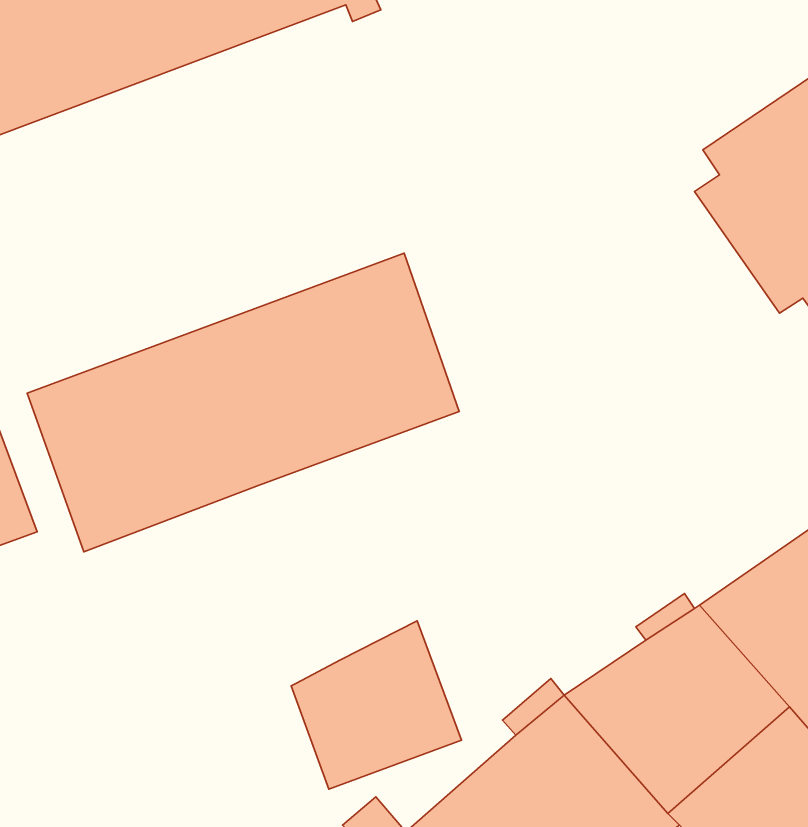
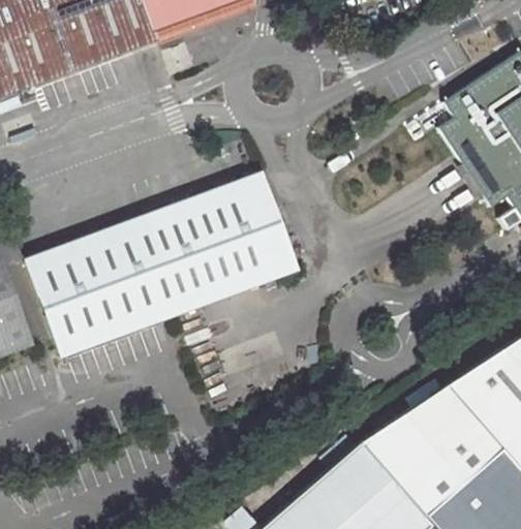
building: [291,621,462,789] -> none

